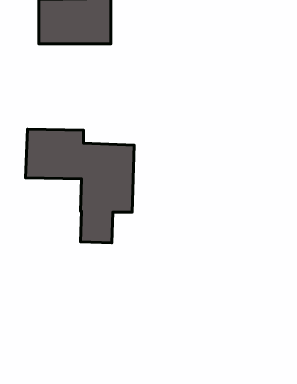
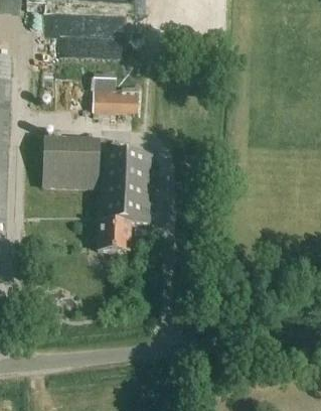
building: none -> [93,92,139,114]

